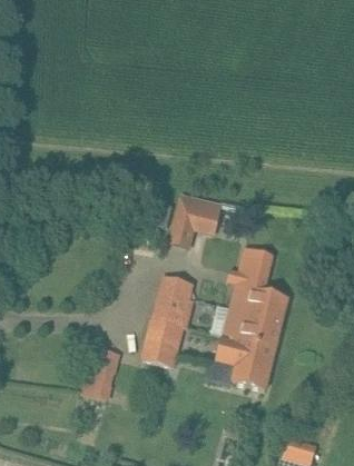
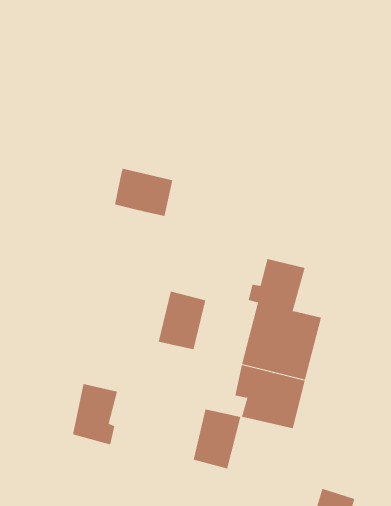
building: [173,196,222,236] -> [114,168,173,217]
building: [142,317,183,367] -> [193,409,241,469]

